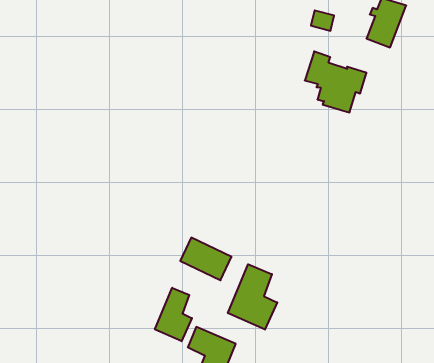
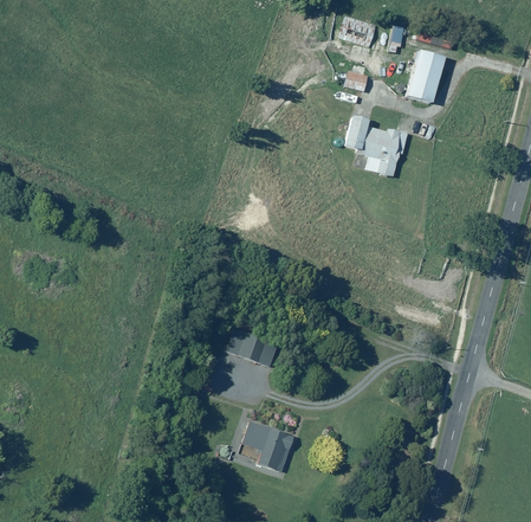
building: [228,264,277,330] -> none
building: [155,288,192,341] -> none

